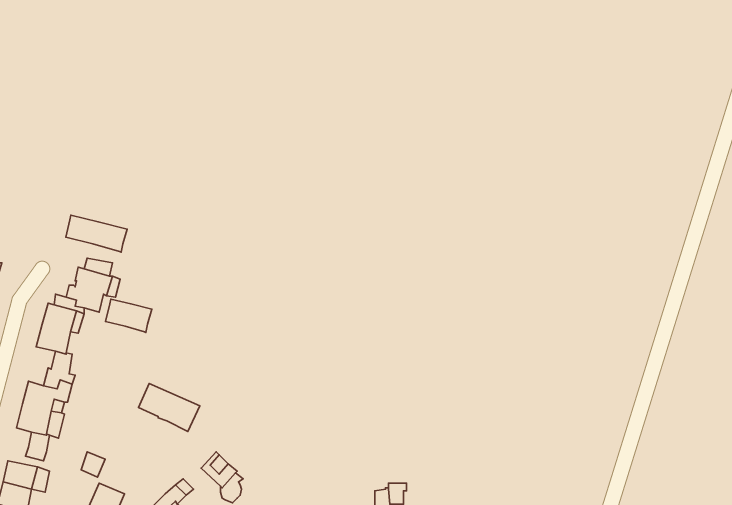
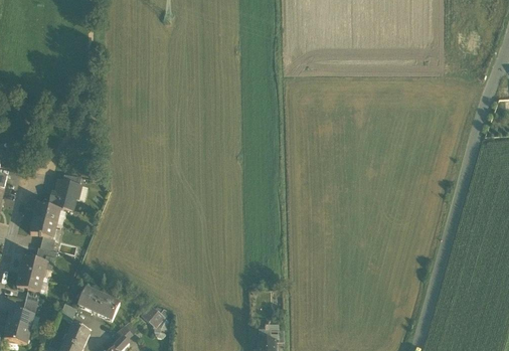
building: [66,215,127,252] -> none
building: [105,299,152,332] -> none
building: [139,383,200,431] -> [78,289,120,321]

